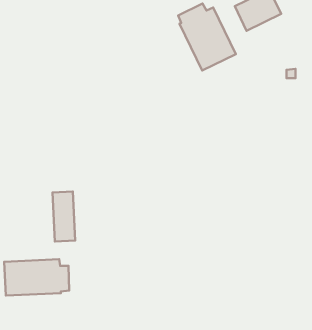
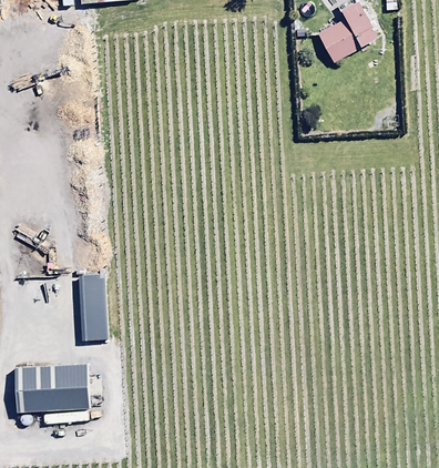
building: [178,3,236,70] -> none

